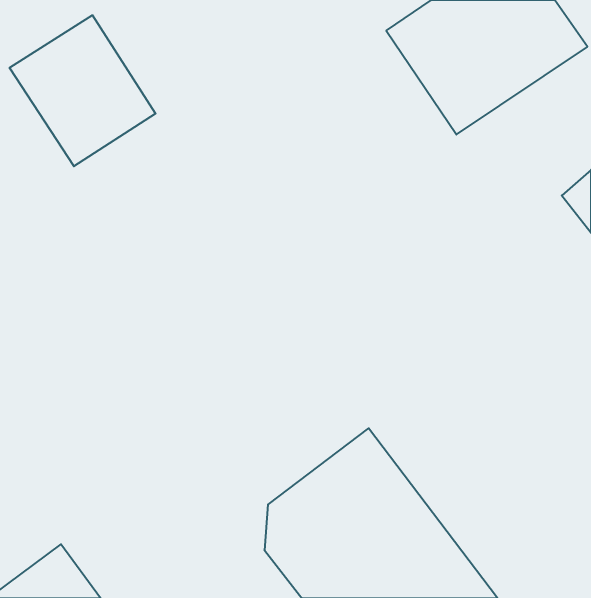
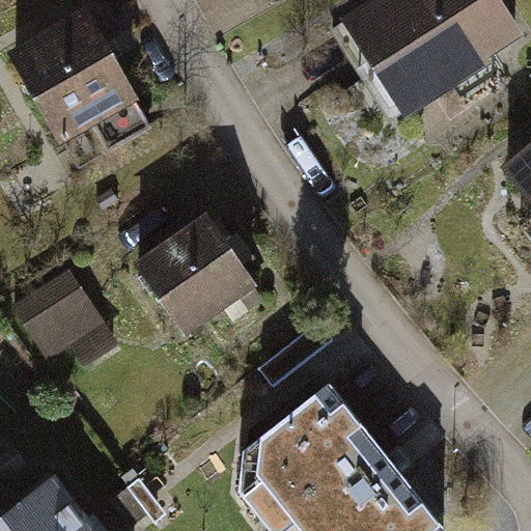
building: none -> [136,216,259,338]
building: none -> [17,273,119,364]

